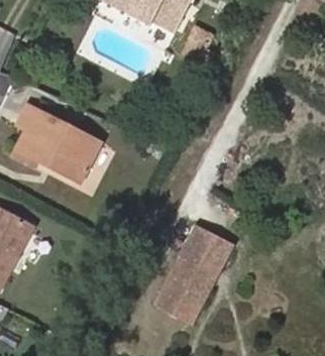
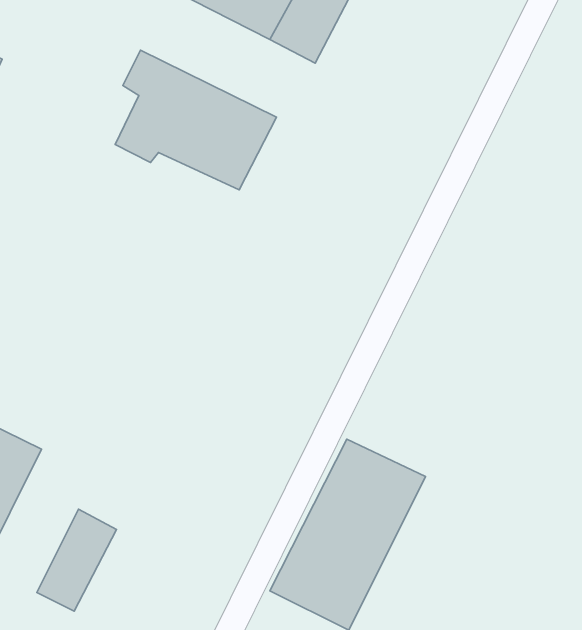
building: [15,109,98,181] -> [115,50,277,190]
building: none -> [37,509,117,611]

